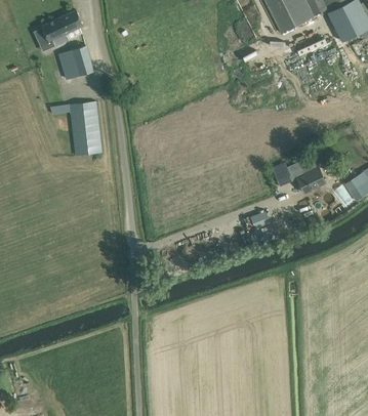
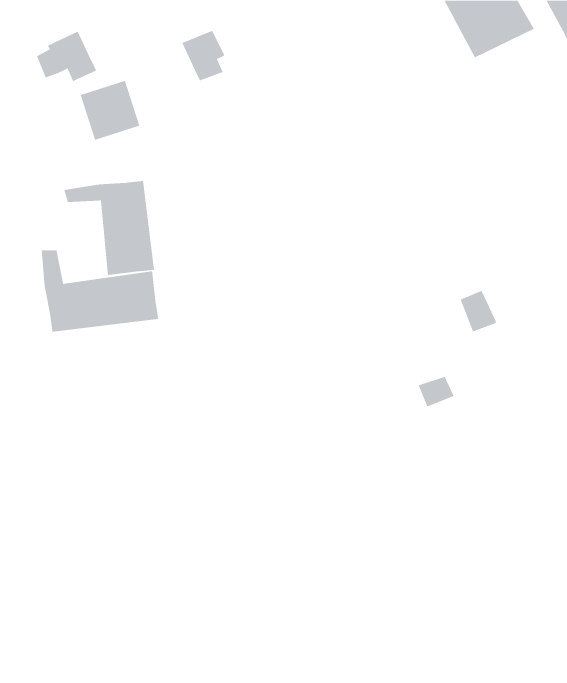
building: [58,10,83,39] -> [181,30,225,81]
building: none -> [41,250,159,332]
building: [287,159,325,192] -> none

